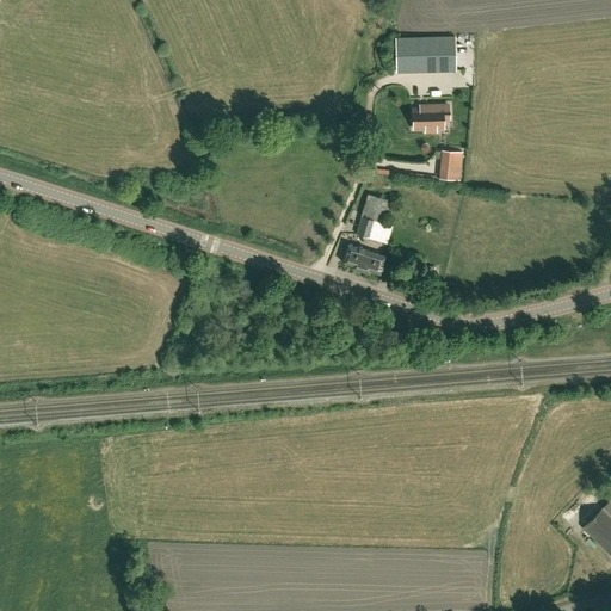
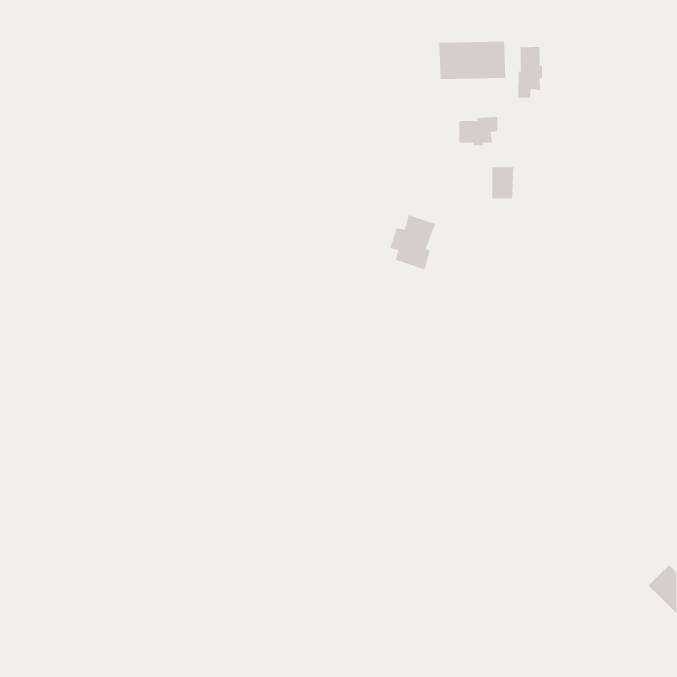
building: none -> [518,46,543,98]
building: [342,245,385,274] -> none

